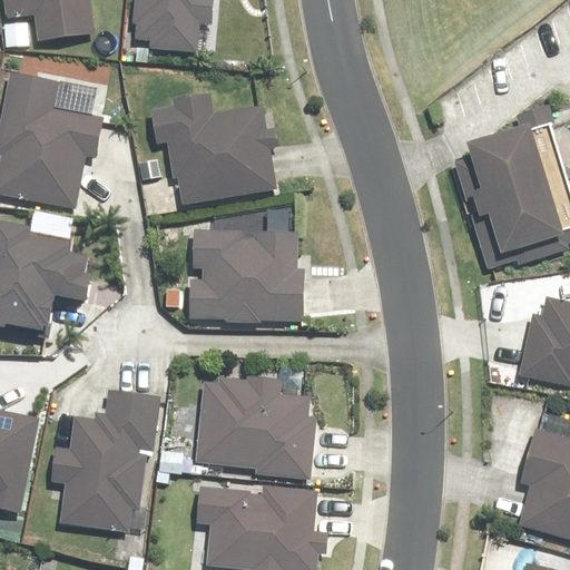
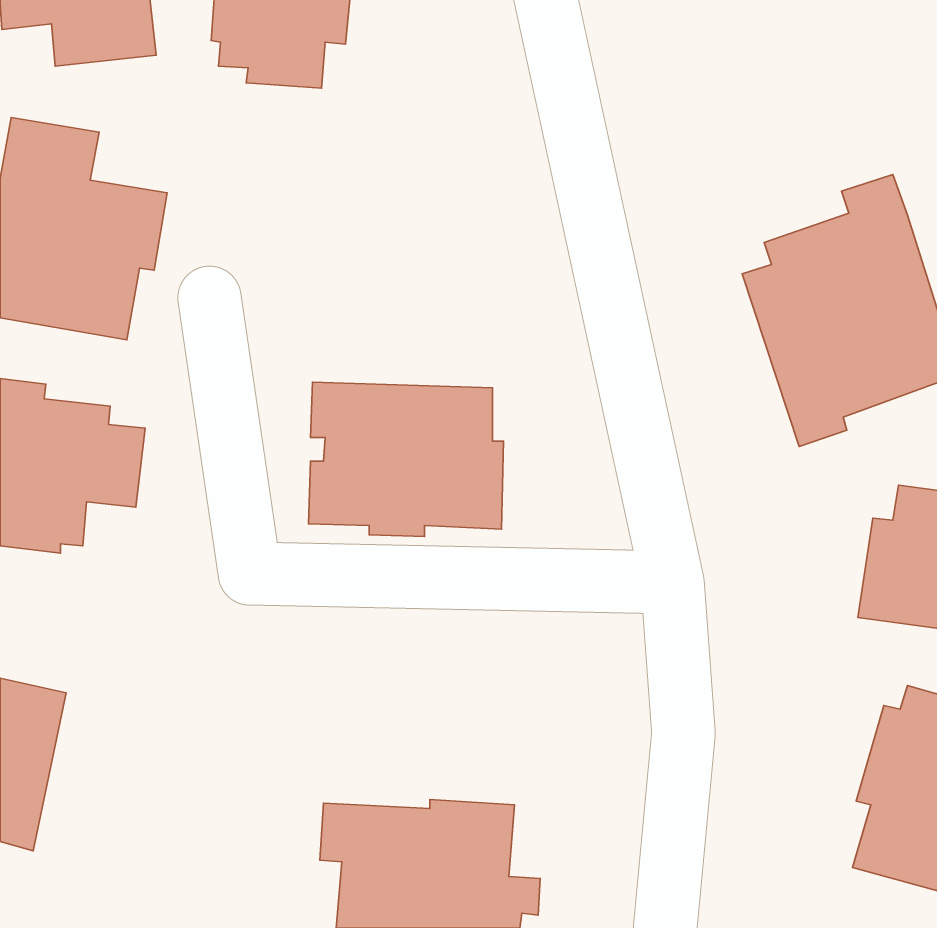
building: [147,96,277,204] -> none
building: [177,376,315,479] -> none
building: [50,391,158,531] -> none

